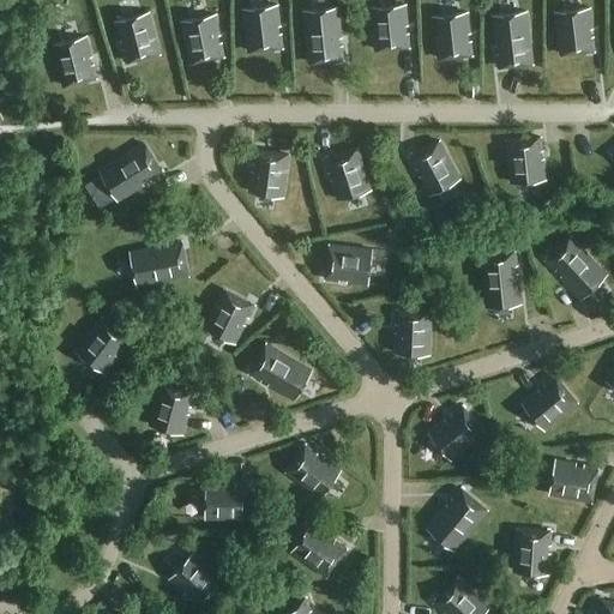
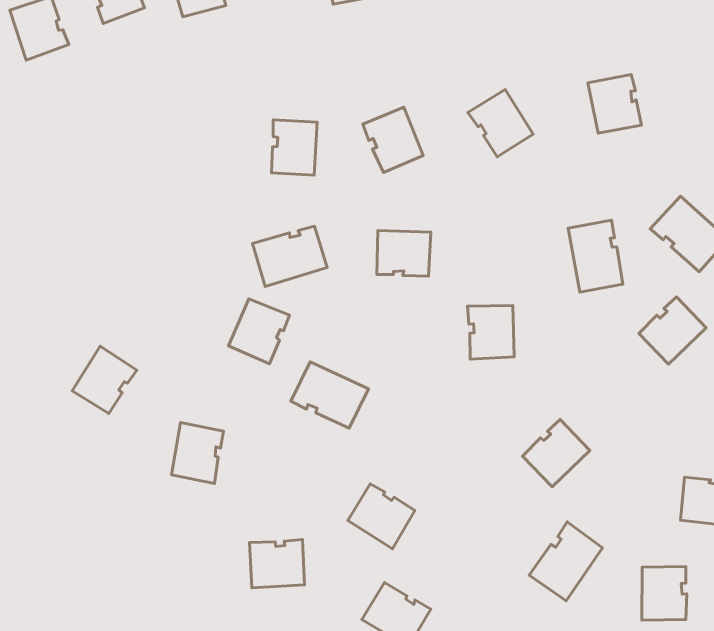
building: [101,144,162,200] -> none
building: [131,242,188,287] -> [252,226,327,286]
building: [523,377,577,429] -> [639,297,706,364]

